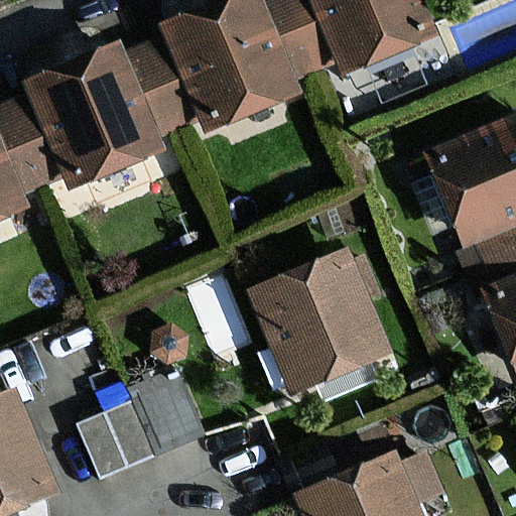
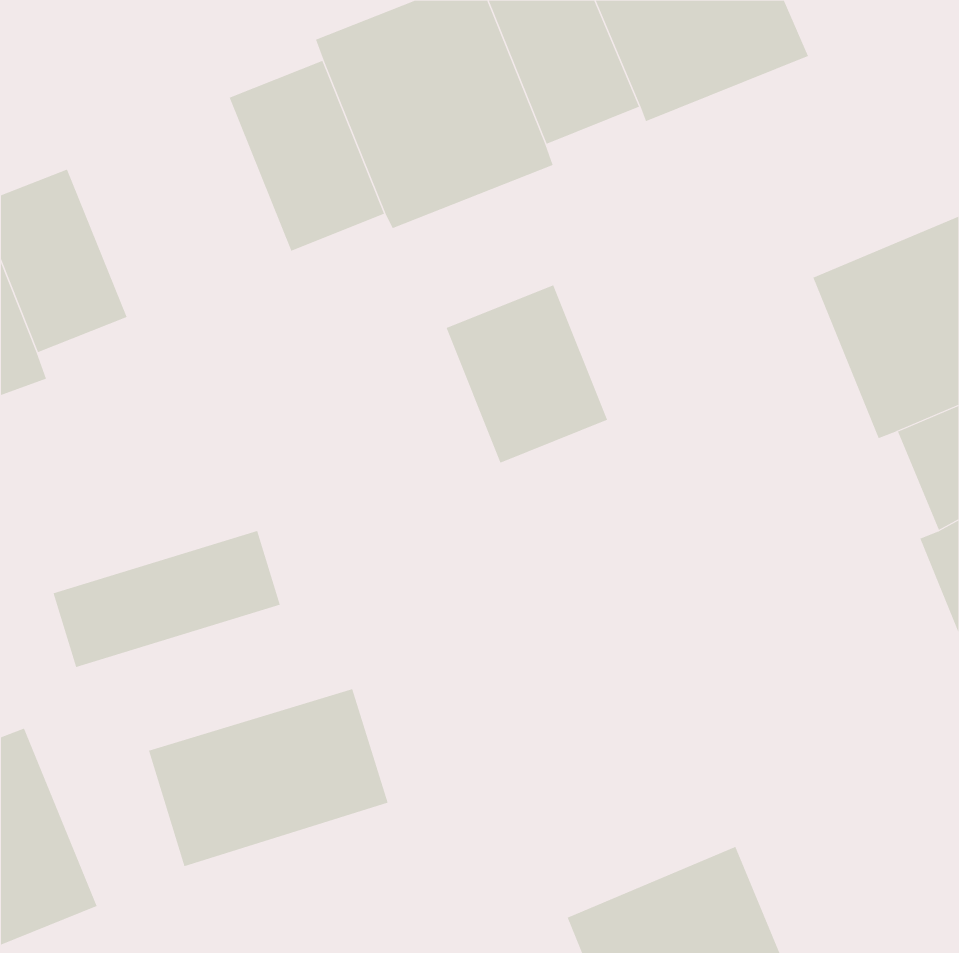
building: [32,48,161,184] -> none
building: none -> [446,284,608,464]
building: [258,254,387,387] -> none
building: none -> [53,530,281,668]

